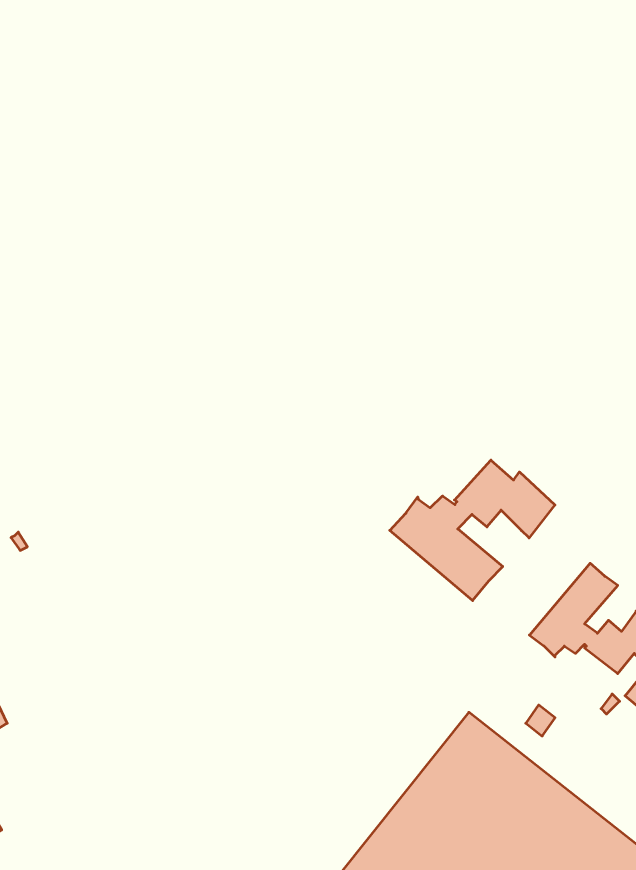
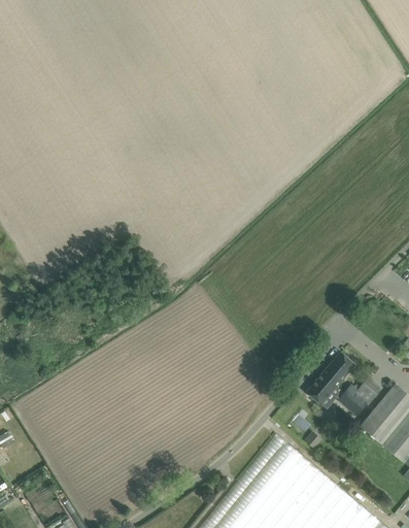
building: [390,460,555,601] -> none

